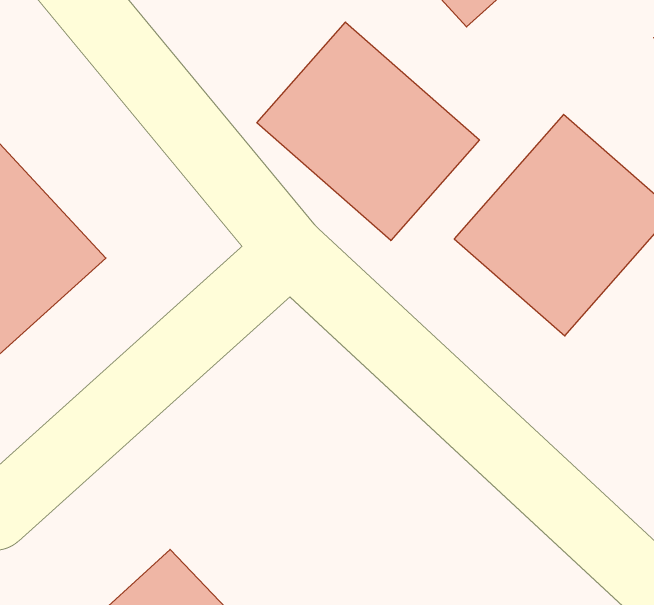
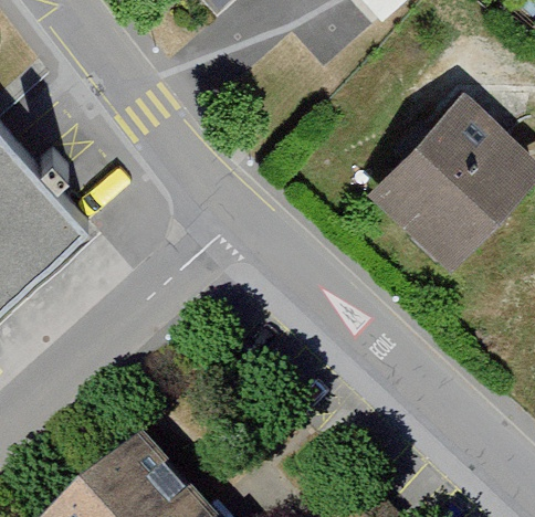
building: [257,22,479,241] -> none

